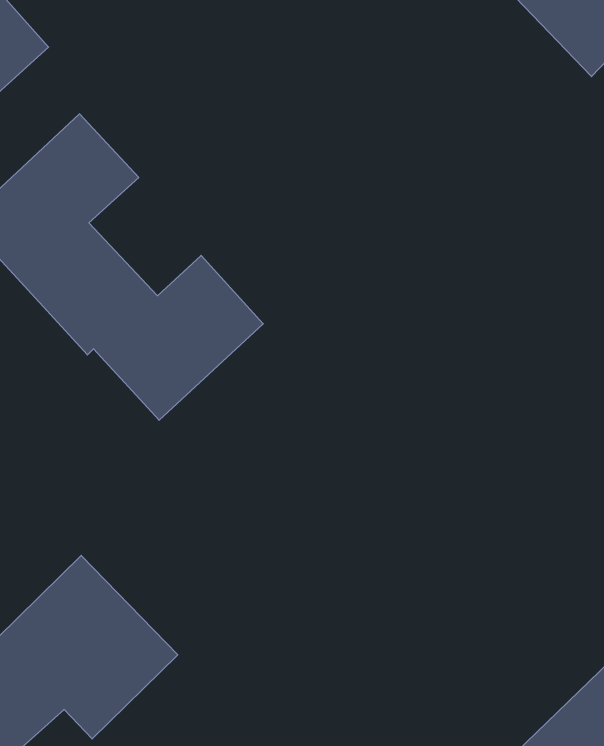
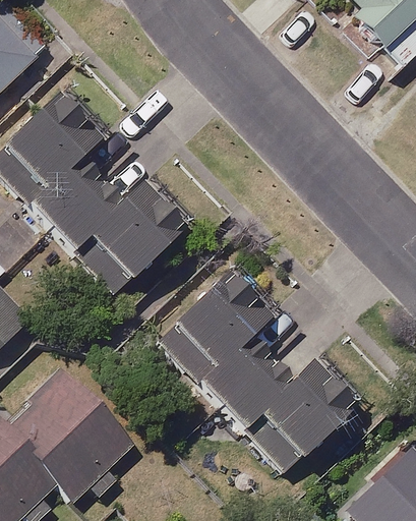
building: none -> [163,272,358,470]

